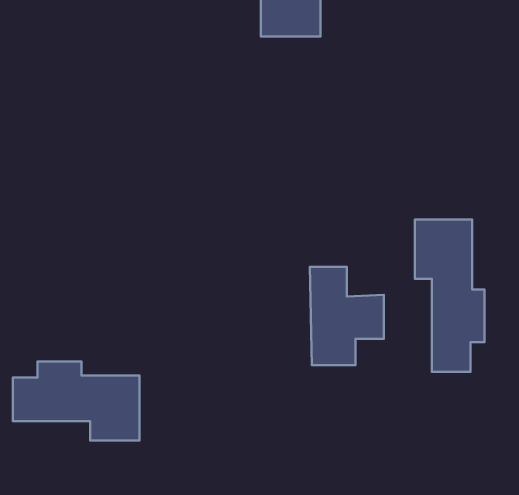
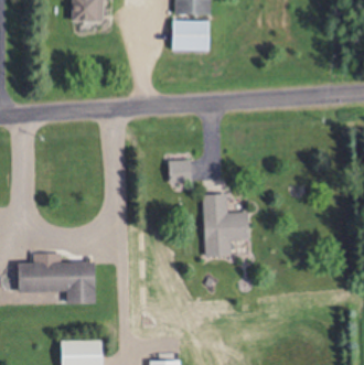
building: none -> [169,159,192,182]
building: [415,220,484,372] -> none

